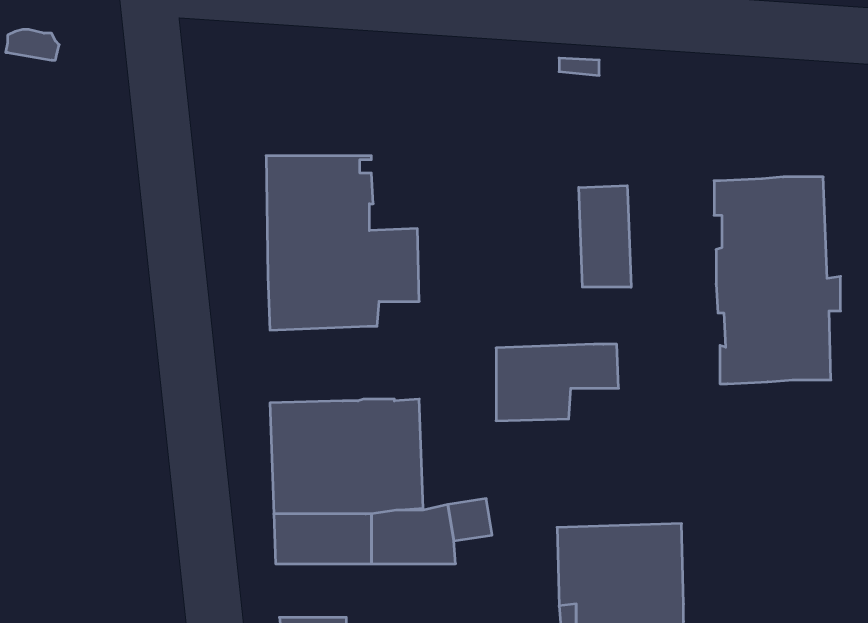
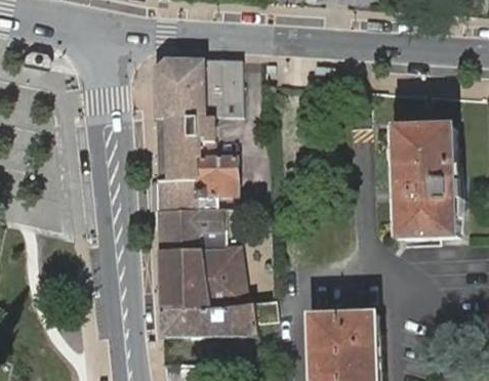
building: none -> [152,57,239,117]
building: [579,186,631,287] -> none
building: [496,344,619,421] -> [155,208,220,249]

